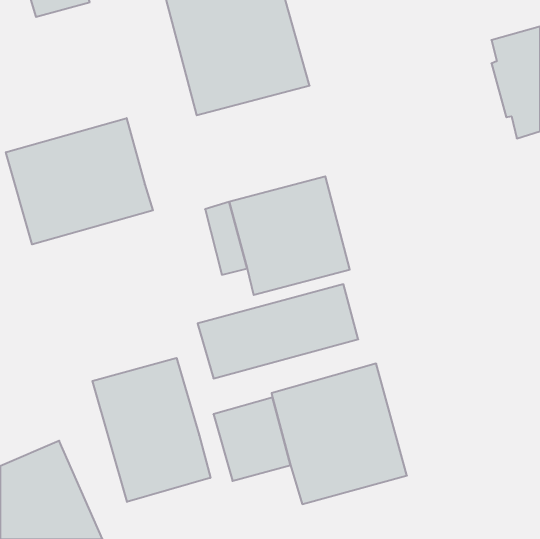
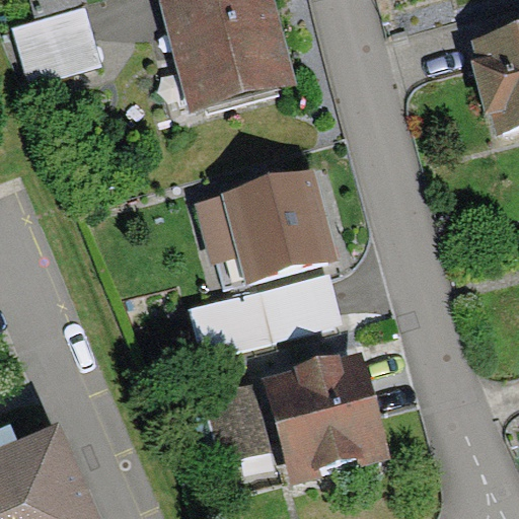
building: none -> [13,7,101,85]
building: [6,118,153,244] -> none
building: [92,358,210,502] -> none

